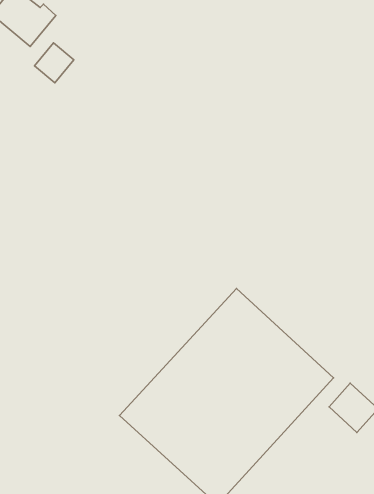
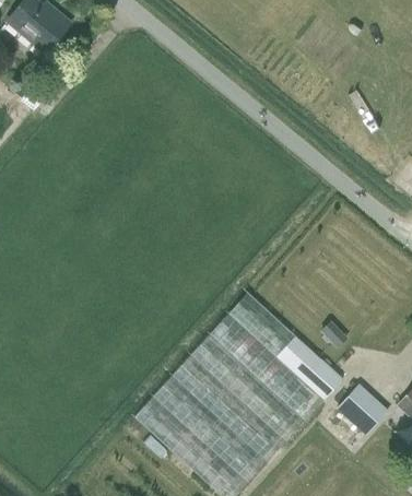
building: [35,43,74,83] -> none

